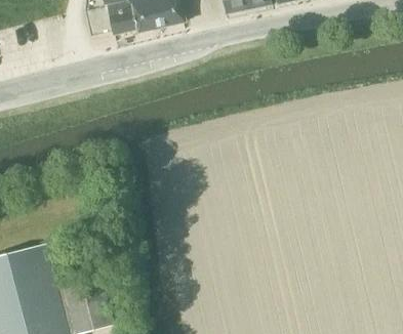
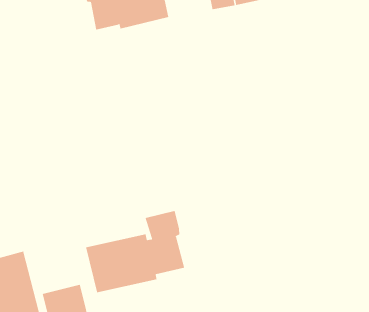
building: none -> [85,210,185,293]

